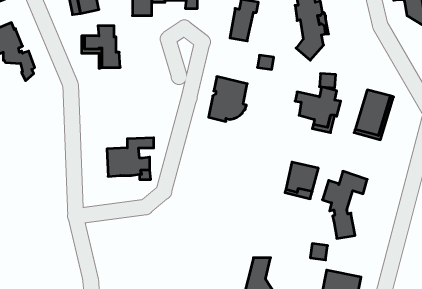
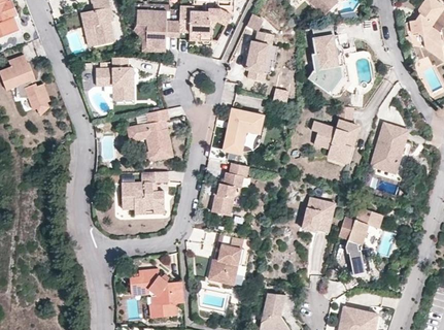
building: none -> [125,109,172,163]
building: none -> [210,163,248,216]
building: none -> [210,234,244,286]
building: none -> [129,270,182,318]

